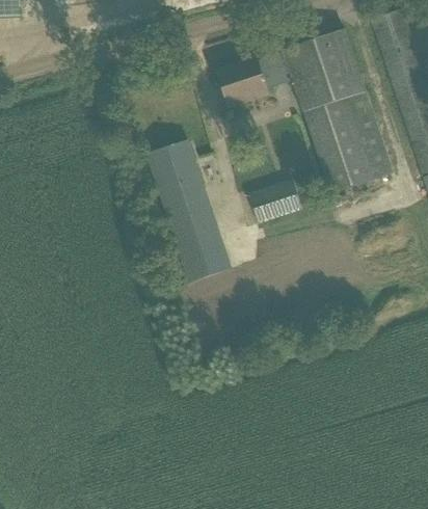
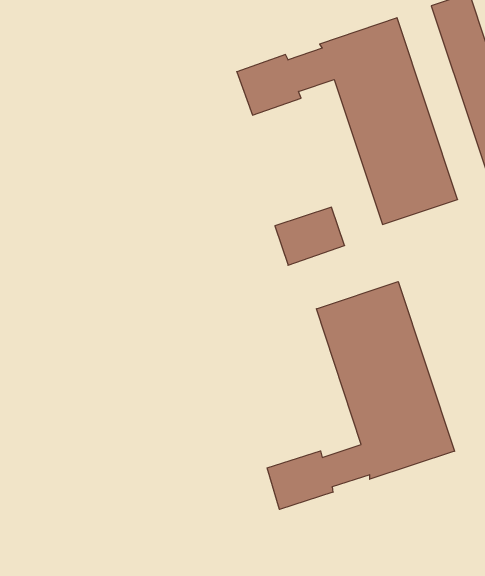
building: [146,140,231,282] -> none
building: none -> [267,282,455,509]

